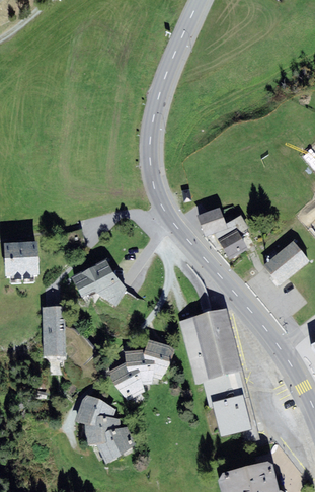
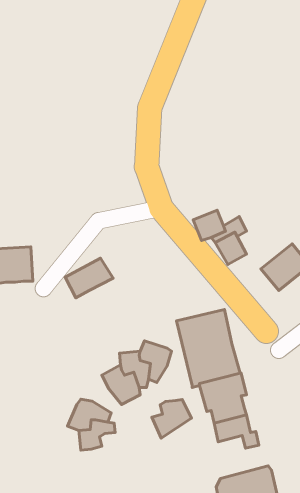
building: [94,276,126,305] -> none
building: [43,305,65,355] -> none
building: [96,425,135,463] -> [152,399,192,438]

